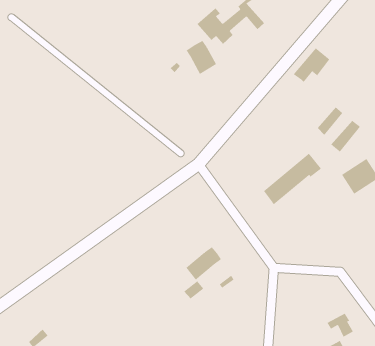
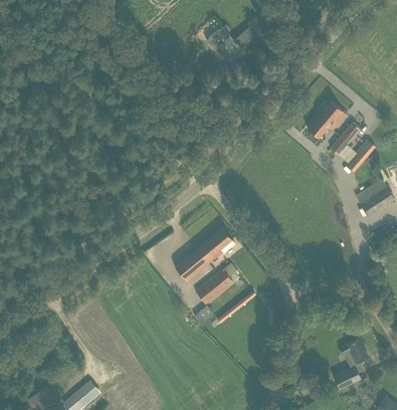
building: [186,40,217,75] -> none
building: [293,48,330,83] -> [308,101,346,138]
building: [263,153,322,205] -> [176,228,236,281]

